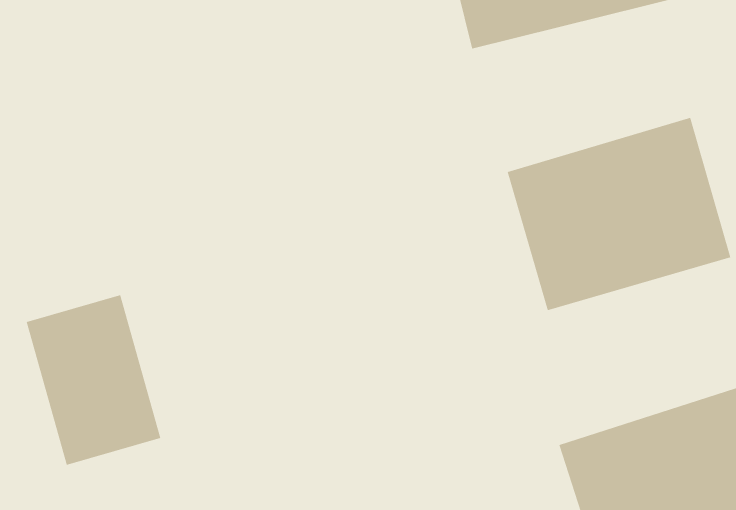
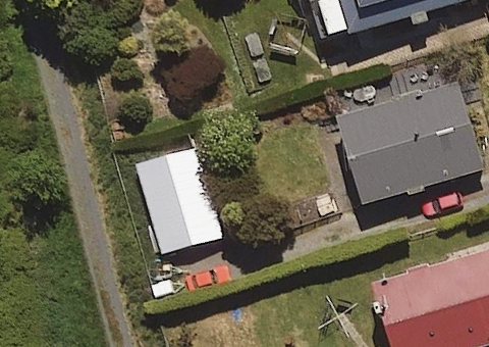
building: [26,294,161,466] -> [135,145,221,253]

